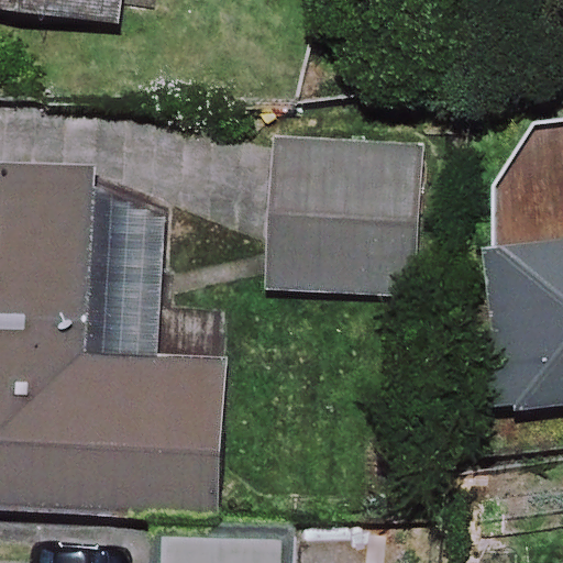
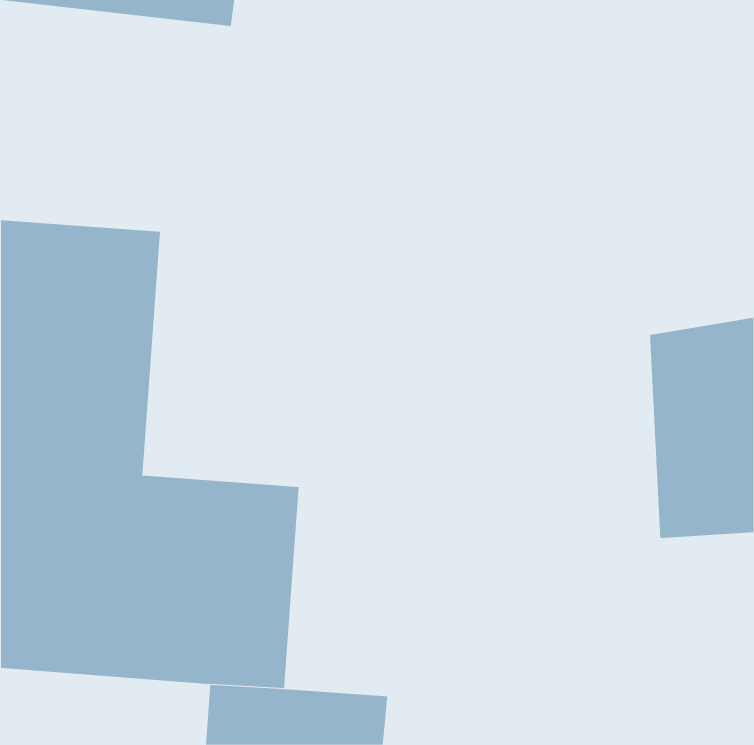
building: [274,142,420,290] -> none

